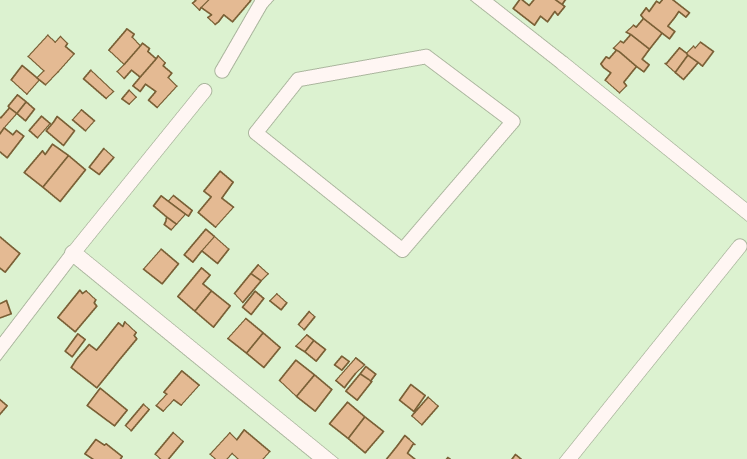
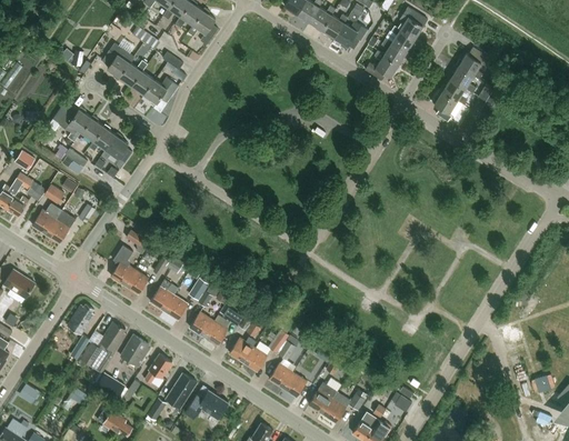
building: [28,35,74,85] -> [59,107,91,142]
building: [198,171,233,227] -> [110,244,134,284]
building: none -> [119,334,149,367]
building: none -> [166,372,196,408]

